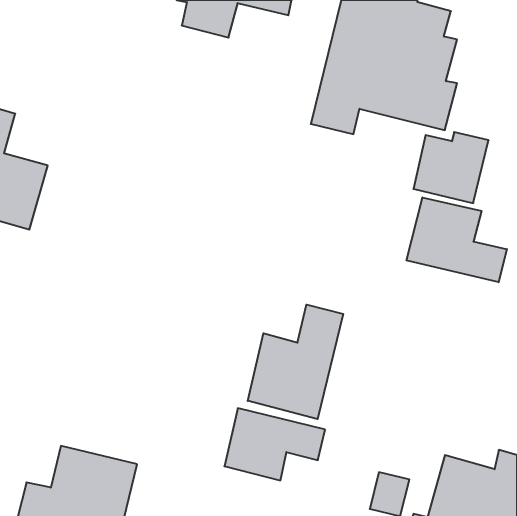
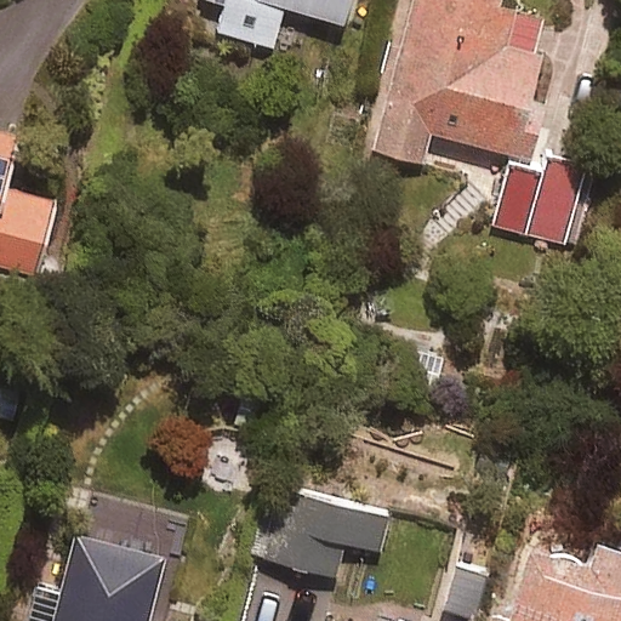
building: [406,197,507,282] -> none
building: [248,305,343,419] -> none

